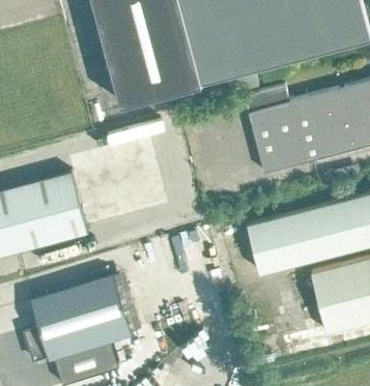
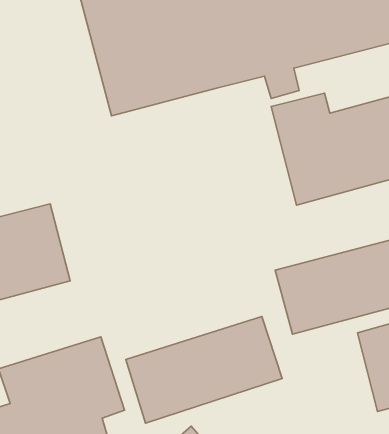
building: none -> [126,317,282,423]

